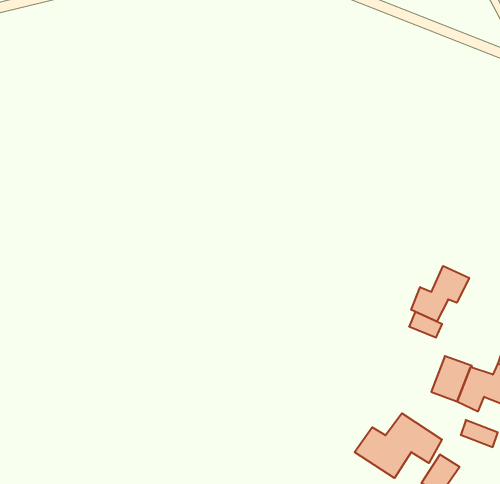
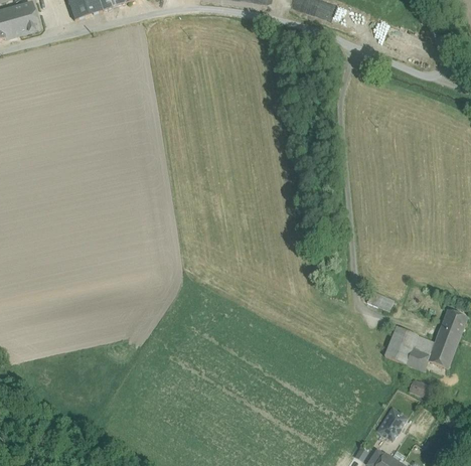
building: [411,266,469,322] -> none
building: [355,413,442,478] -> none

